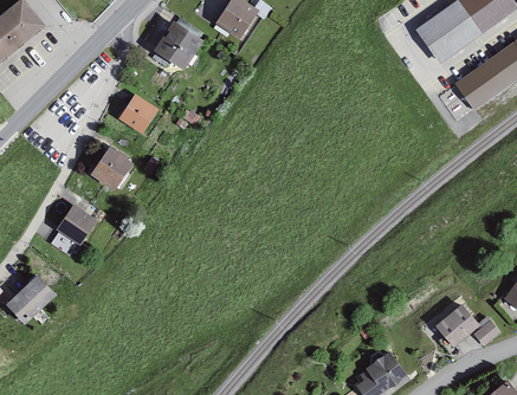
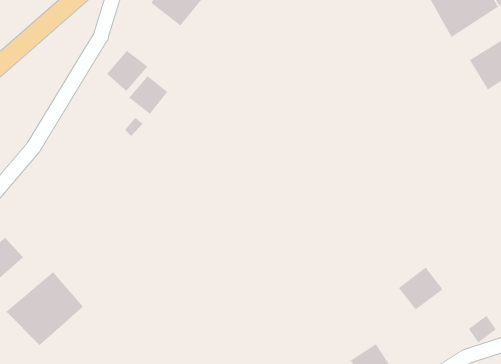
building: [93,150,130,187] -> [128,75,168,115]
building: [59,207,97,245] -> none
building: none -> [6,271,84,346]
building: [435,305,478,347] -> [398,267,444,311]

